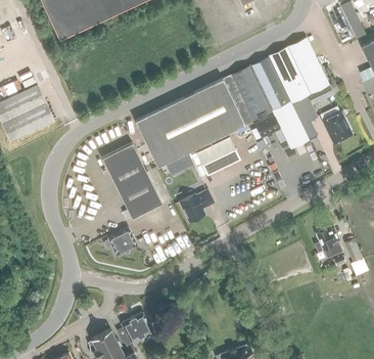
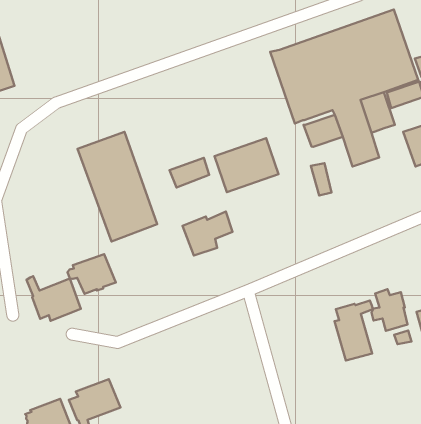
building: [136,78,248,168] -> none
building: none -> [334,300,373,361]
building: none -> [27,276,81,321]

